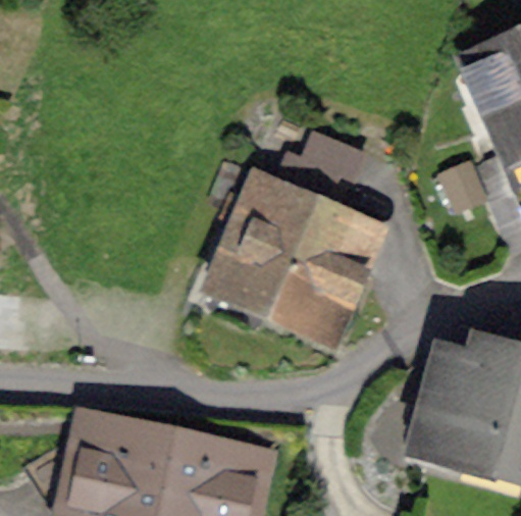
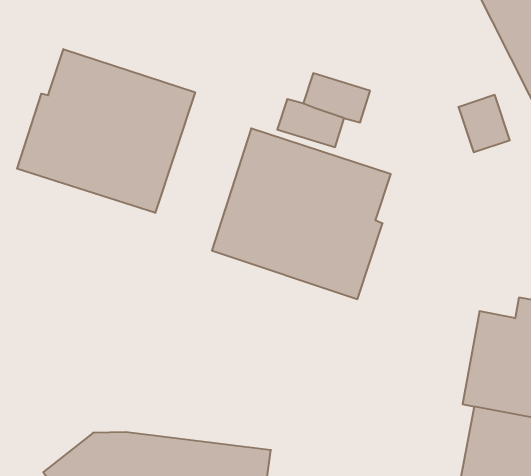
building: none -> [17,49,195,213]

